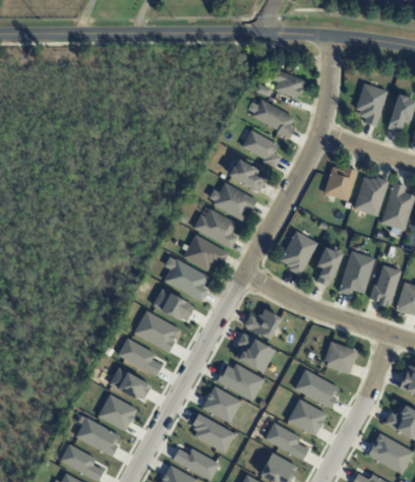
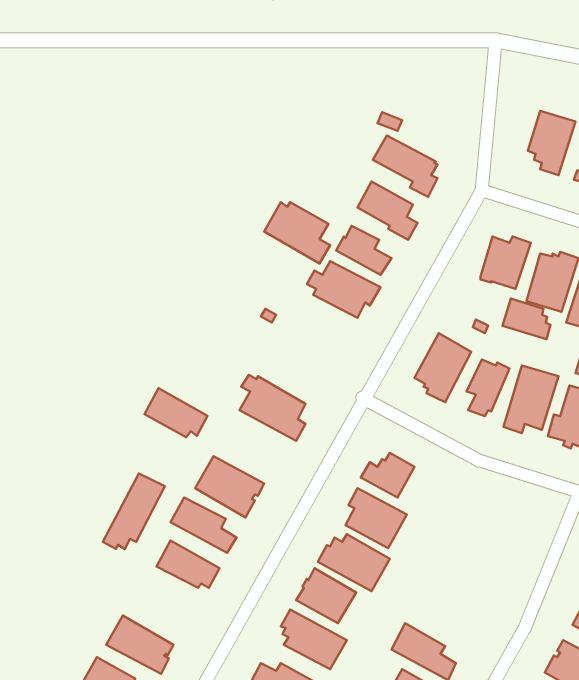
building: [271,68,306,99] -> none
building: none -> [502,299,551,339]
building: [193,208,237,249] -> [264,202,330,264]
building: [183,235,228,269] -> none
building: [152,288,193,320] -> [145,388,208,437]
building: none -> [103,474,165,549]
building: [323,342,356,374] -> none
building: [294,369,339,409] -> none
building: [98,394,136,431] -> none
building: [287,399,327,436] -> none

